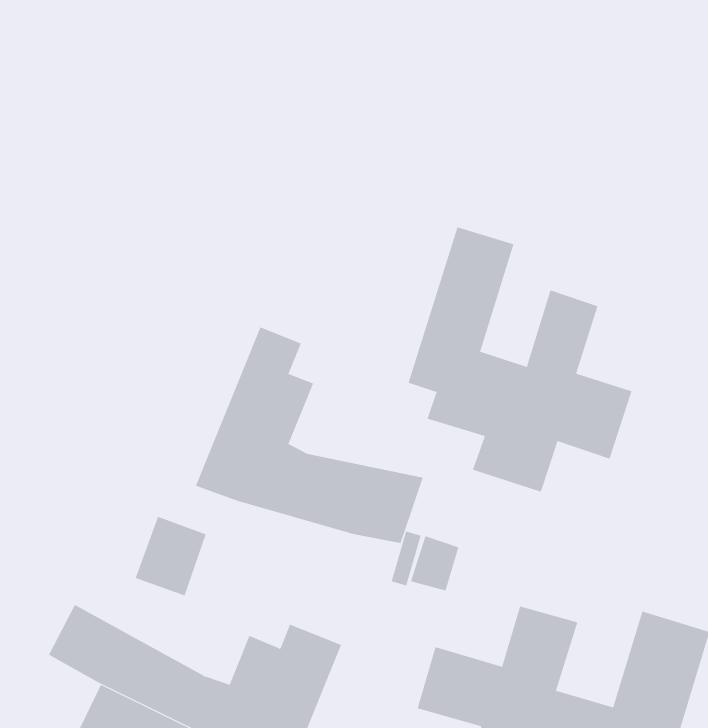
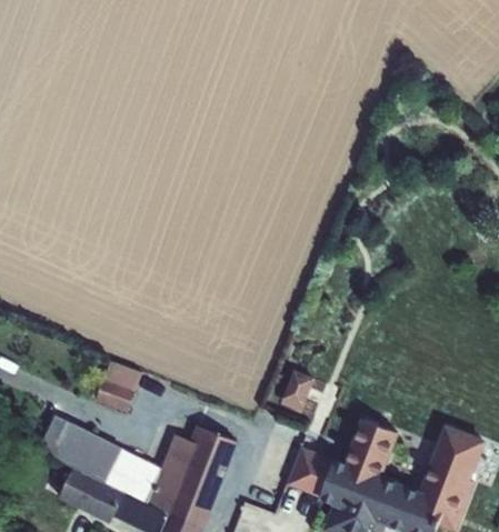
building: [408,227,632,492] -> none
building: [195,327,424,544] -> none

